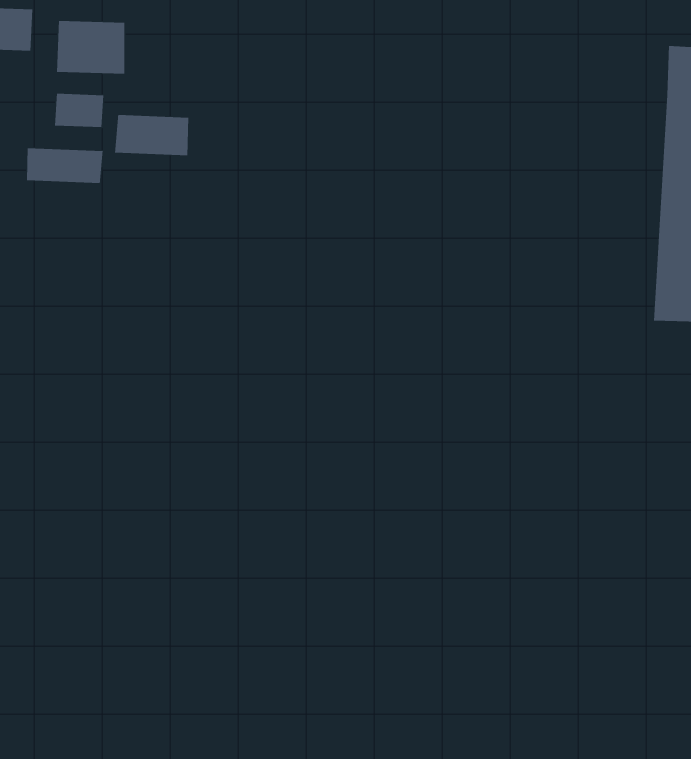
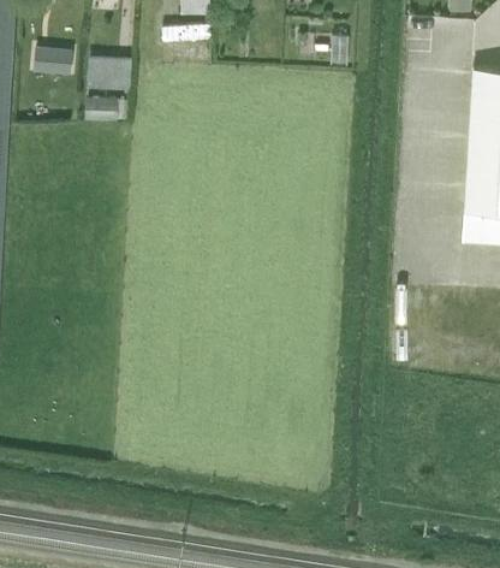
building: [115,114,189,156] -> none
building: [26,147,103,184] -> none

